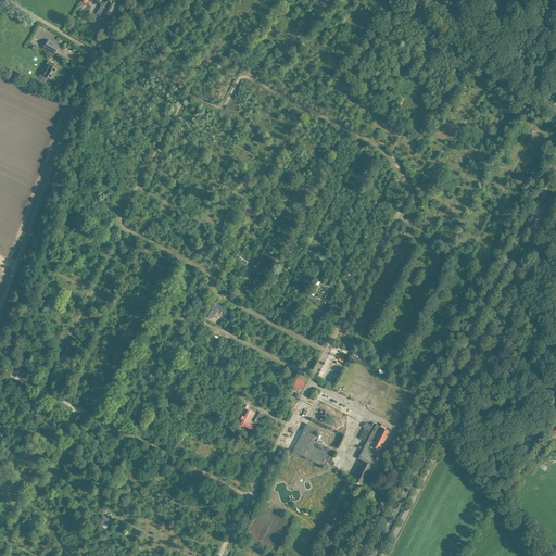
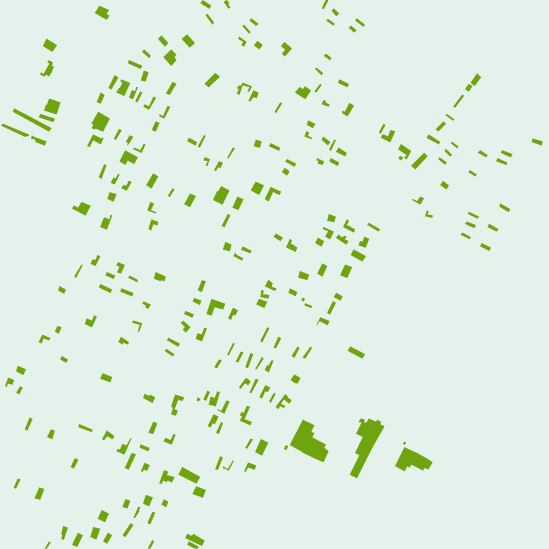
building: none -> [394,441,434,472]

